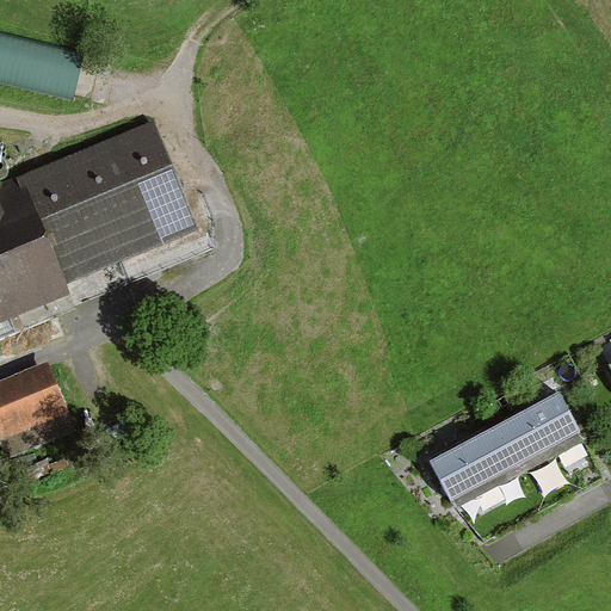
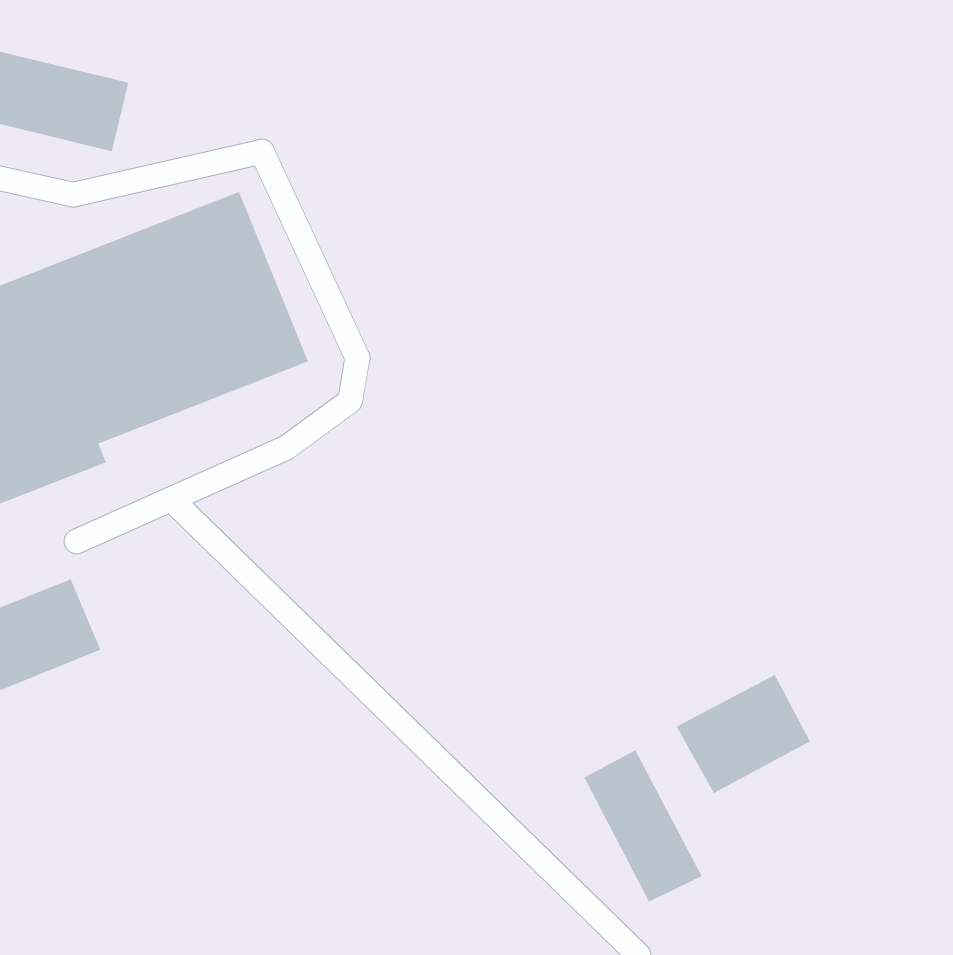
building: [494,396,580,473] -> none
building: none -> [583,750,702,902]

